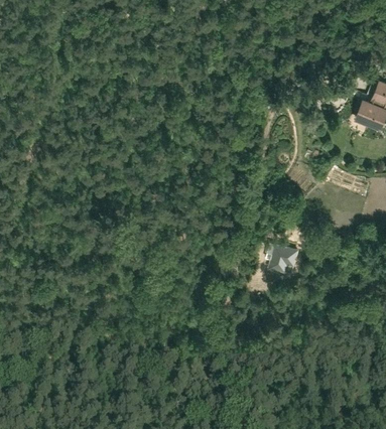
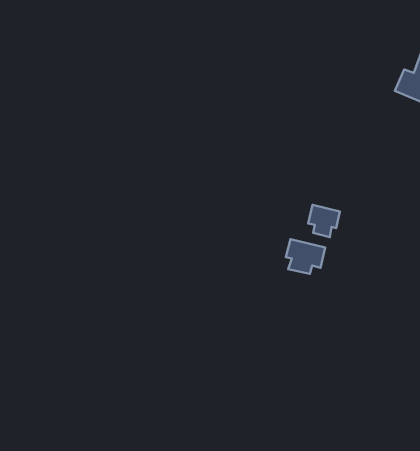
building: none -> [308,205,340,237]

